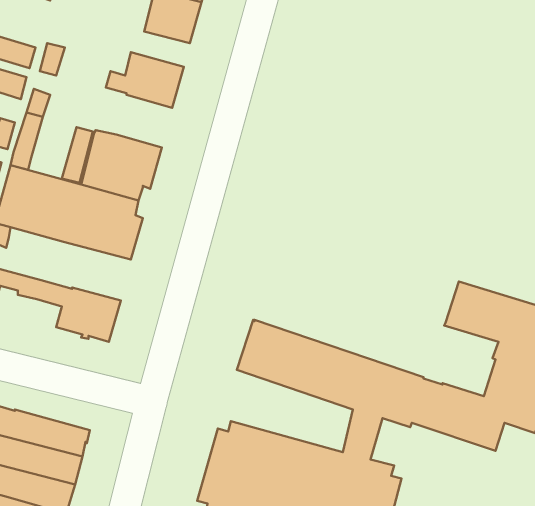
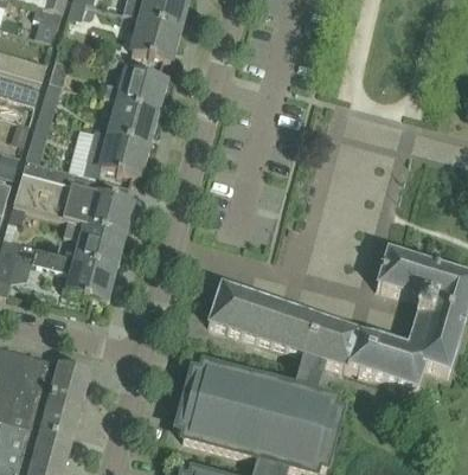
building: none -> [111,101,156,143]
building: none -> [64,219,123,267]

